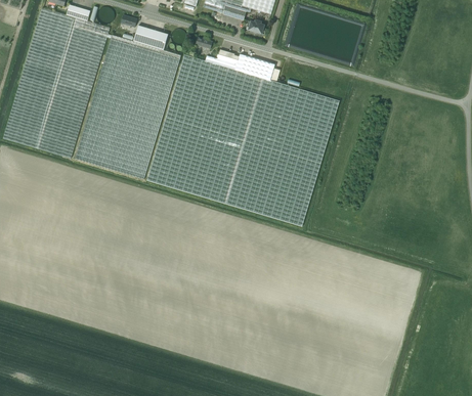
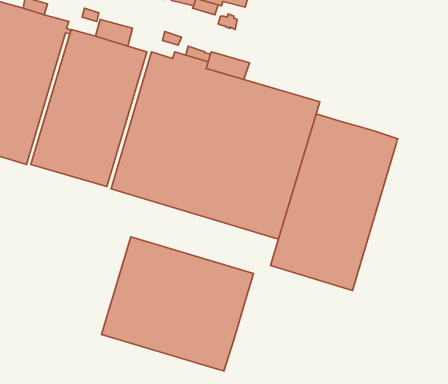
building: none -> [271,114,398,290]
building: none -> [101,237,253,371]

